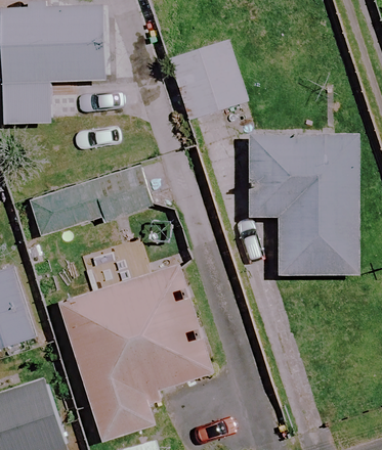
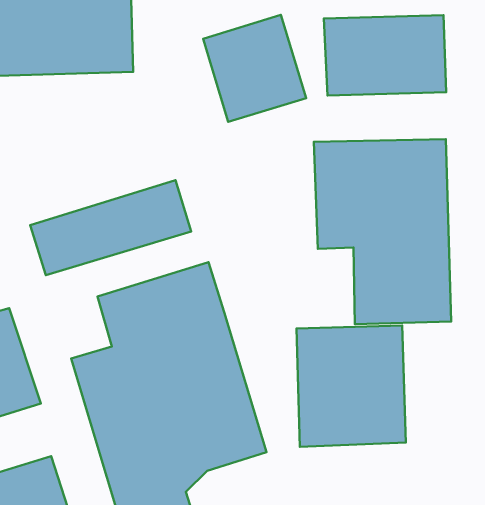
building: none -> [324,15,446,96]
building: none -> [296,325,406,447]

